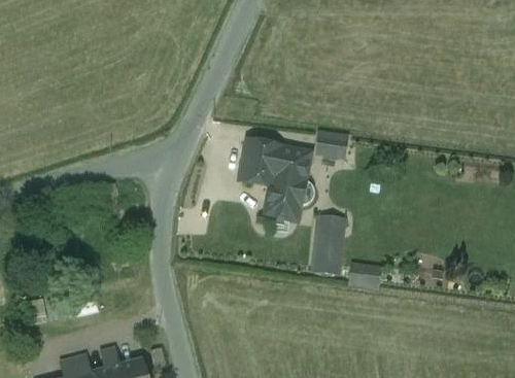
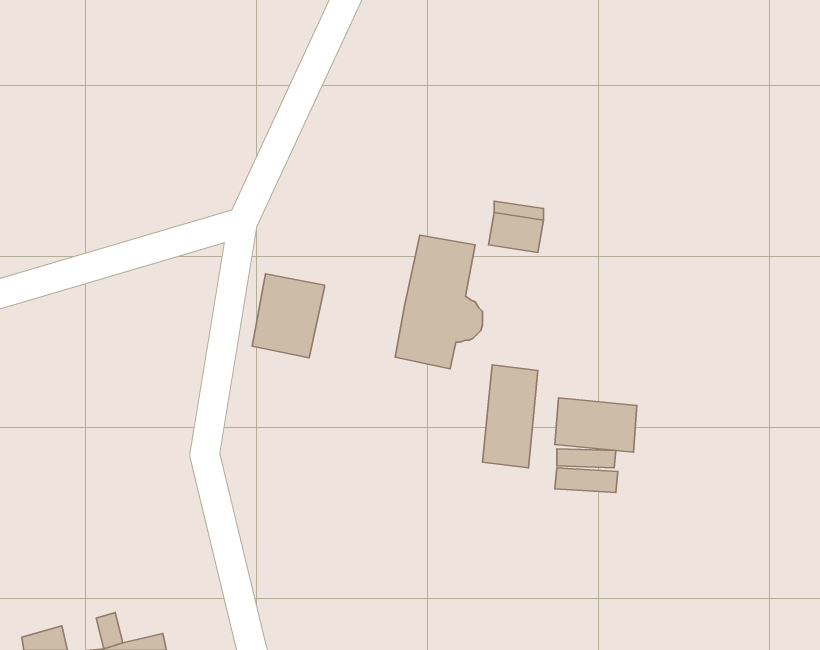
building: [240,140,279,185] -> [252,274,324,358]
building: none -> [555,398,637,452]

